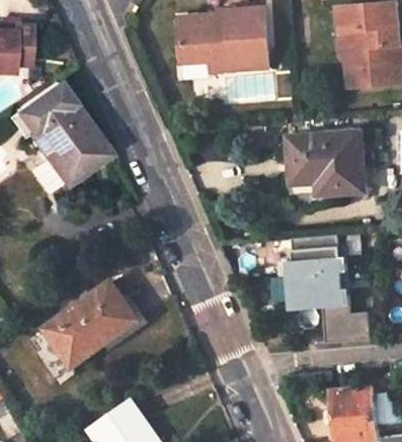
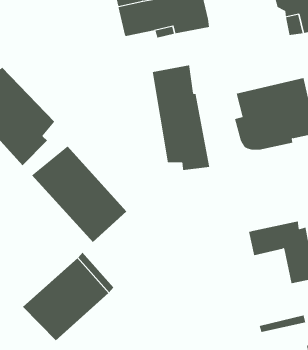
building: none -> [152,64,210,171]
building: none -> [31,145,127,243]
building: [282,233,341,282] -> none

